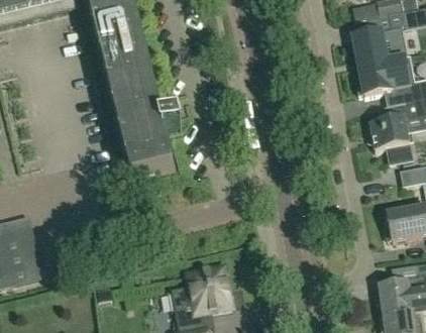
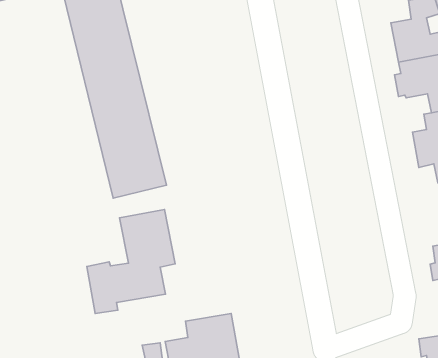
building: none -> [87,210,175,314]

